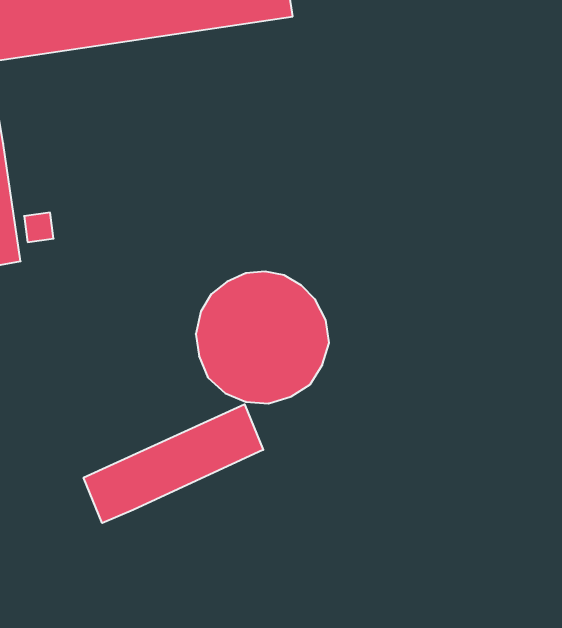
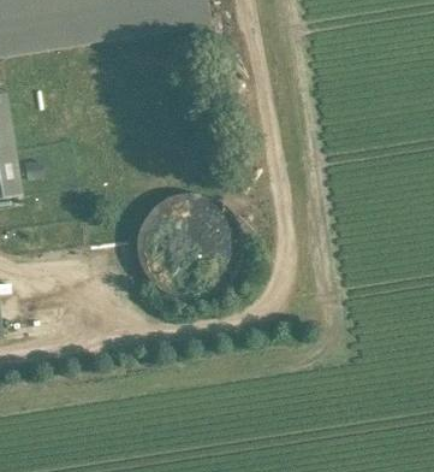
building: [84,404,263,523] -> none

